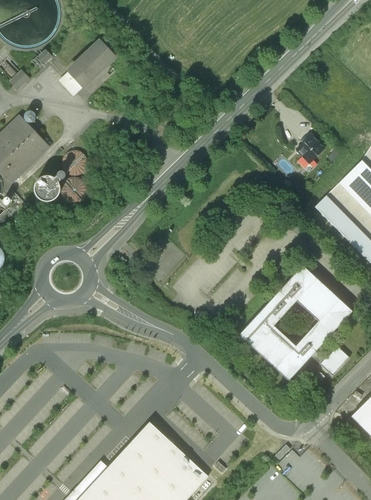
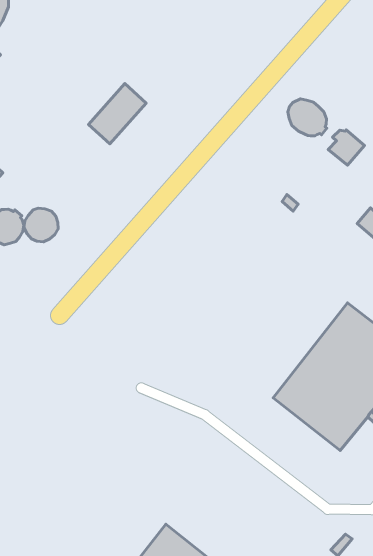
building: [69,42,114,87] -> [89,84,146,144]
building: none -> [288,99,327,136]
building: [62,150,87,175] -> none

